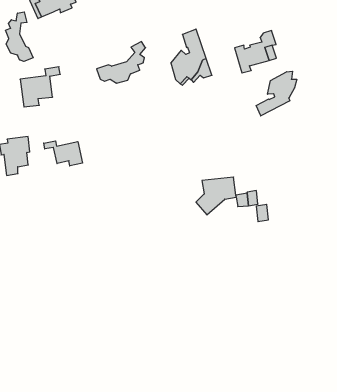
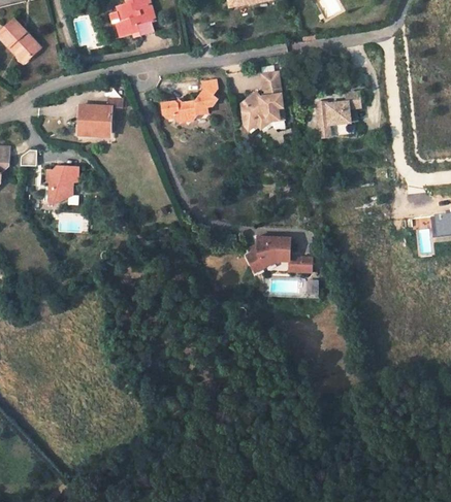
building: [6,12,33,61] -> none
building: [256,71,297,116] -> none
building: [44,141,82,166] -> none

